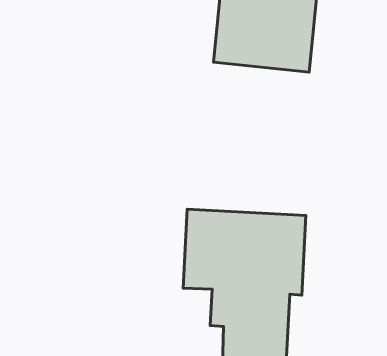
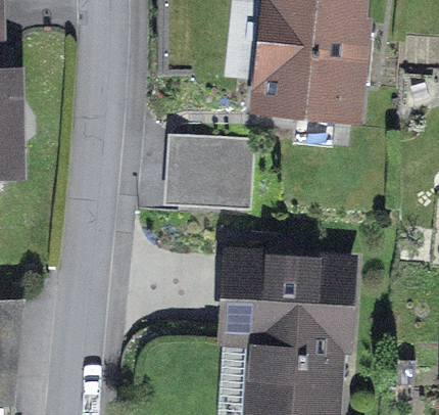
building: none -> [179,135,253,205]

